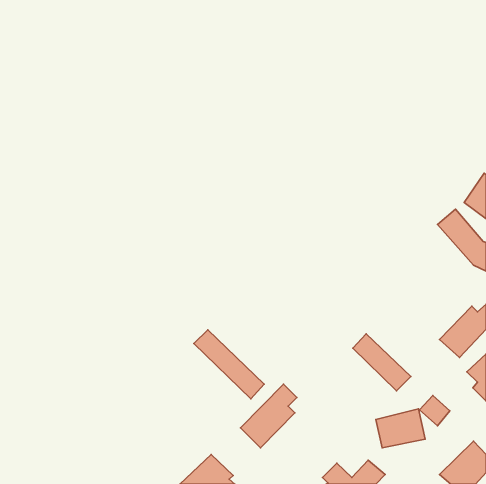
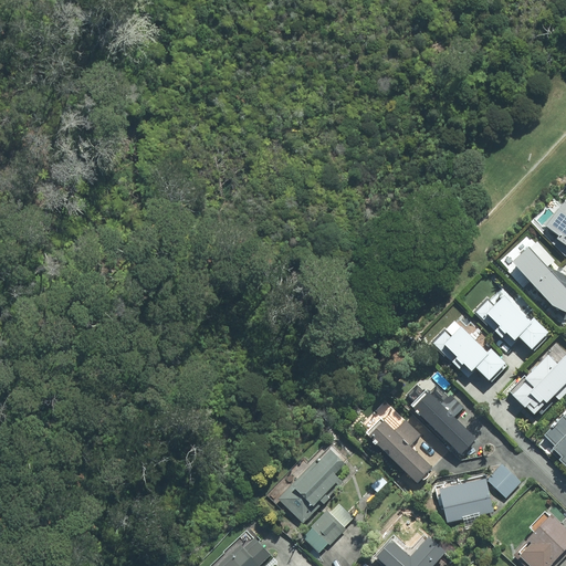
building: none -> [473,297,548,349]
building: none -> [433,326,507,380]
building: [194,330,264,399] -> none
building: none -> [366,418,432,483]
building: none -> [311,510,346,544]

